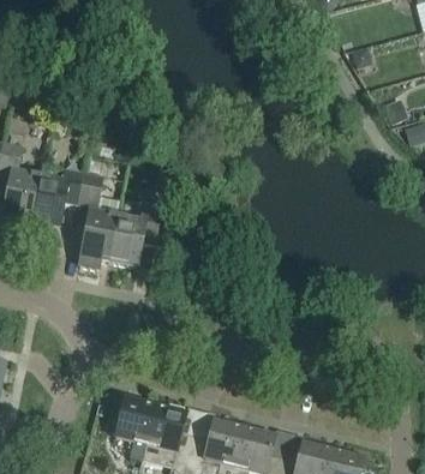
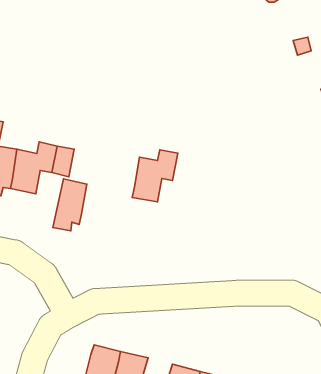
building: [108,205,160,264] -> [132,150,178,202]

